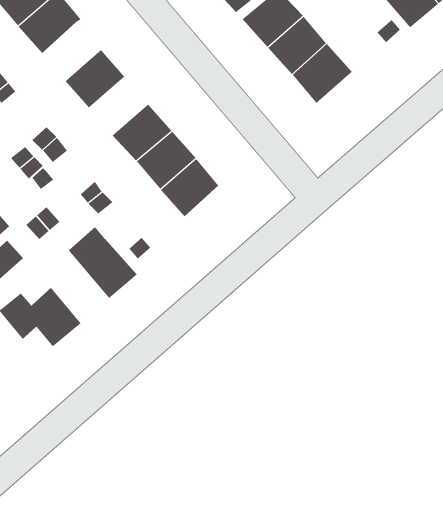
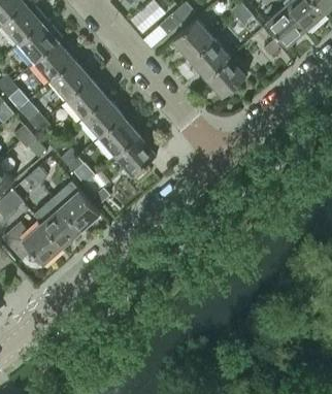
building: none -> [36,43,76,84]
building: none -> [68,80,108,121]
building: none -> [35,199,81,249]

